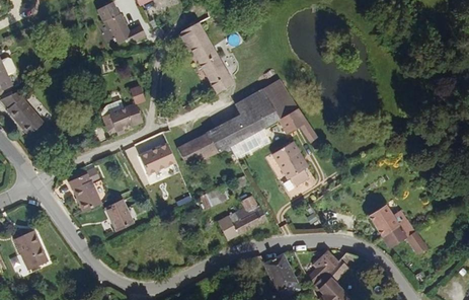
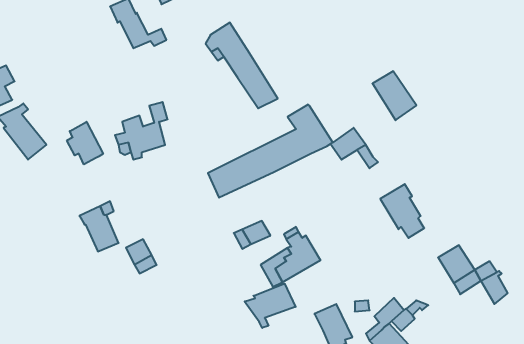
building: [261,81,298,122] -> [372,71,416,120]
building: none -> [67,122,103,164]
building: [138,139,173,170] -> none
building: [272,144,309,189] -> [380,184,424,238]
building: [17,233,50,272] -> none
building: none -> [245,284,296,328]

